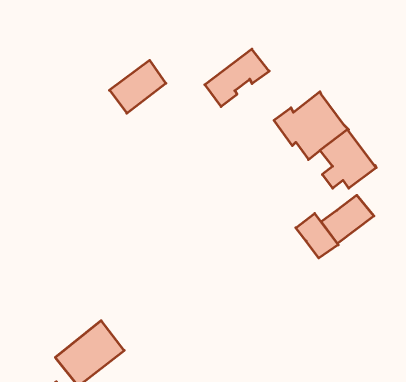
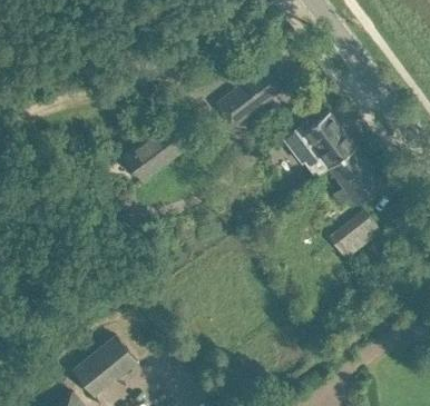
building: [109,60,166,113] -> [127,128,182,179]
building: [296,213,338,258] -> none

